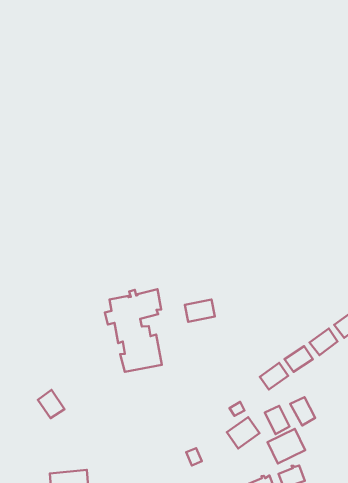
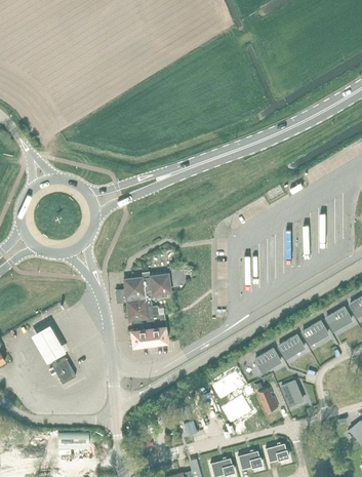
building: [185,300,215,322] -> none
building: none -> [32,325,66,363]
building: [267,429,305,463] -> none

